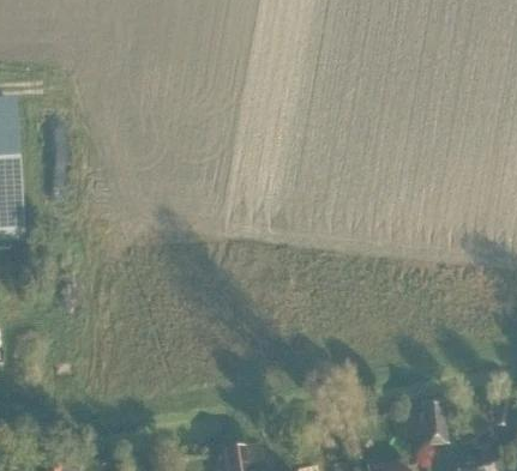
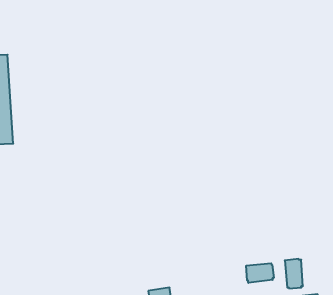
building: none -> [246,263,274,283]

